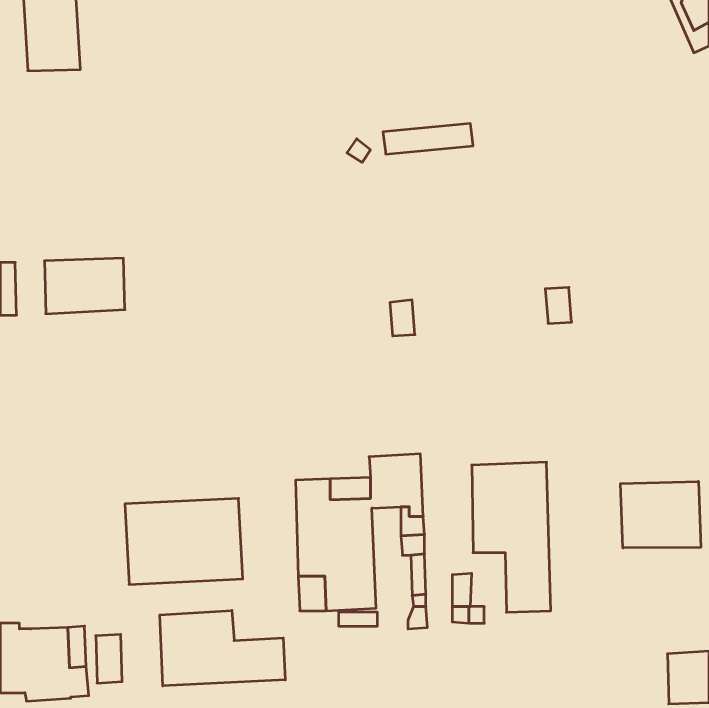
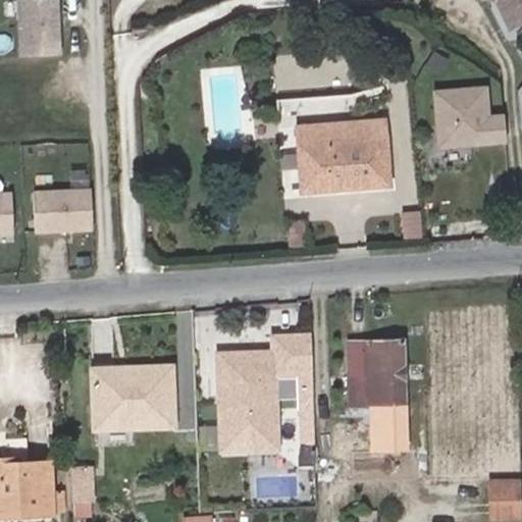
building: none -> [433,86,506,147]
building: none -> [296,118,388,191]
building: [621,481,701,548] -> none
building: [160,610,285,686] -> none

